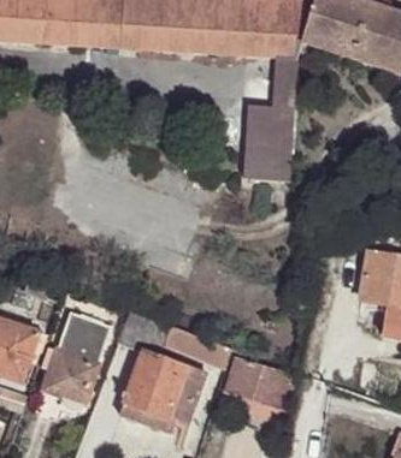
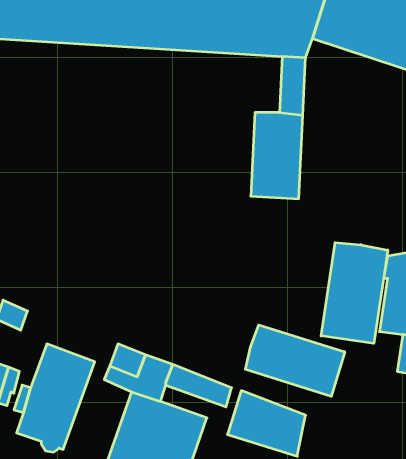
building: none -> [321,243,388,343]
building: none -> [245,325,345,396]

